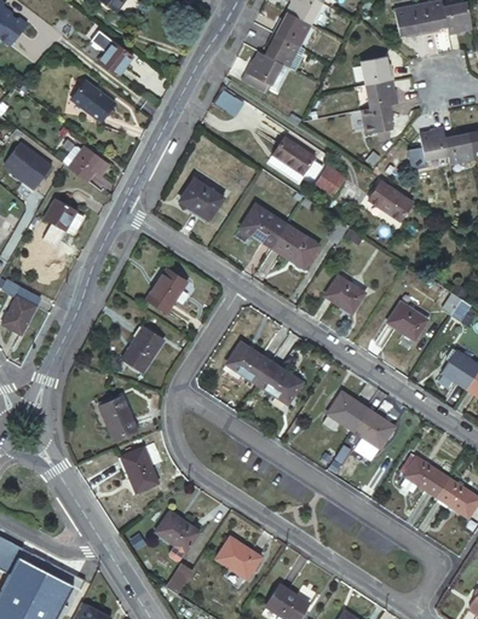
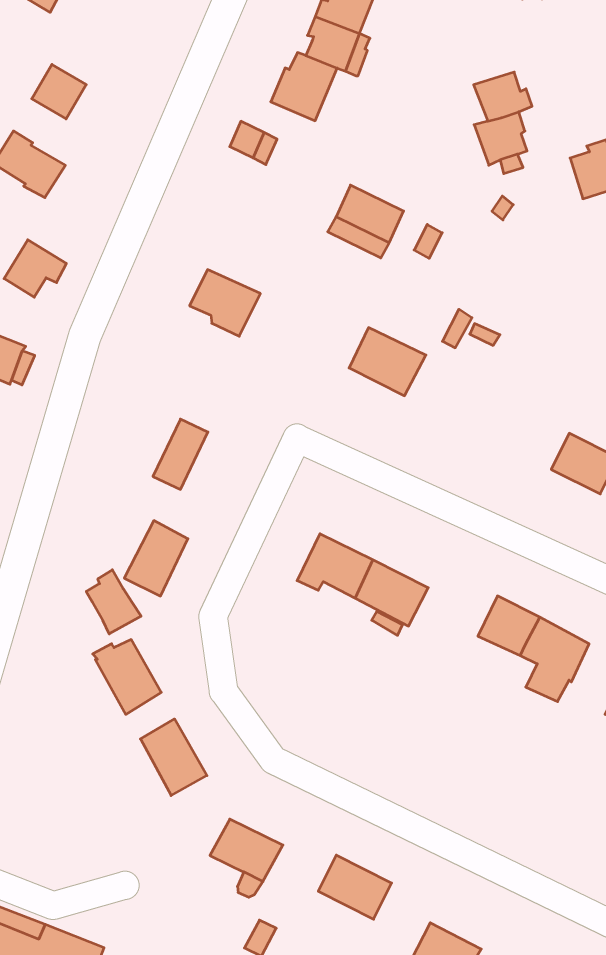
building: [361,56,395,83] -> none
building: [369,180,413,221] -> none
building: [240,202,286,245] -> none
building: [323,274,364,312] -> none
building: none -> [86,570,141,634]

